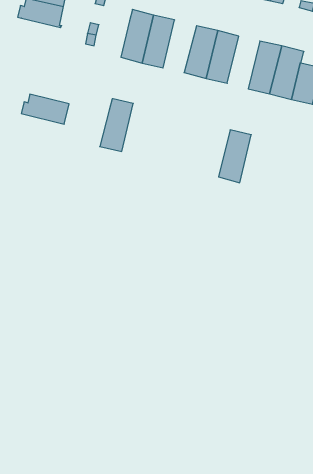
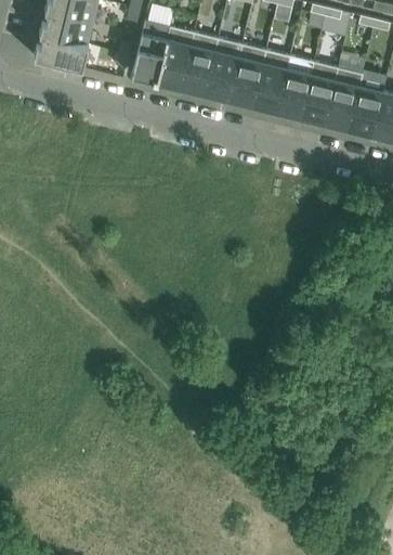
building: none -> [205,40,243,100]
building: [21,94,69,124] -> [35,38,89,72]
building: [100,99,133,151] -> [132,23,170,82]
building: [219,130,251,183] -> [277,59,314,118]

